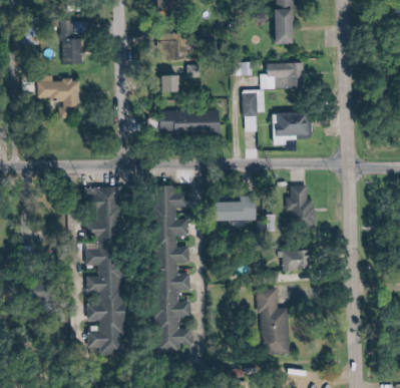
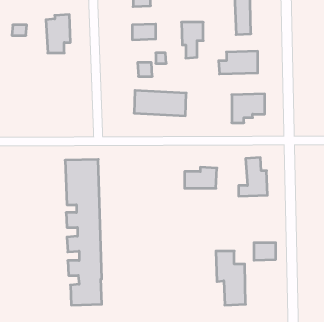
building: [35,79,77,117] -> none
building: [238,90,263,131] -> [181,22,203,58]
building: [155,186,190,351] -> none
building: [282,250,307,270] -> [254,243,276,260]

